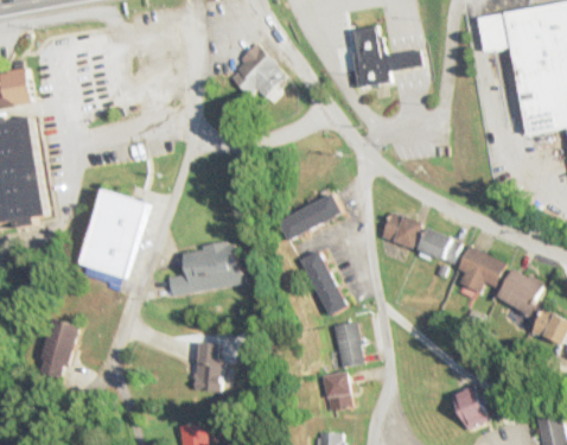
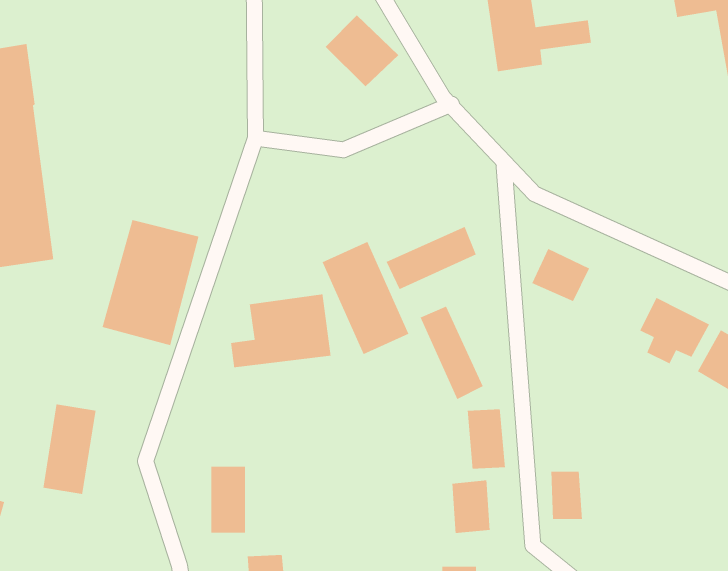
building: none -> [321,241,409,355]
building: [418,227,460,263] -> none
building: [195,344,219,392] -> [210,466,246,534]
building: [458,392,480,426] -> [551,471,583,520]

